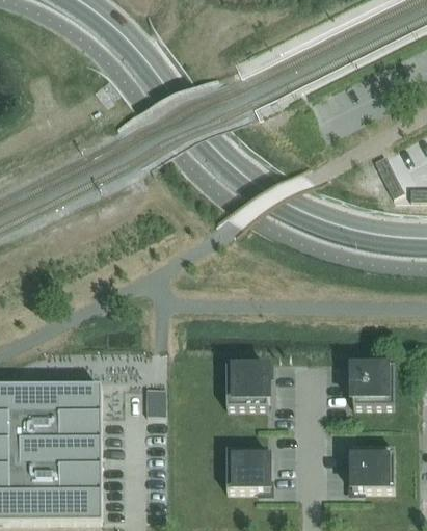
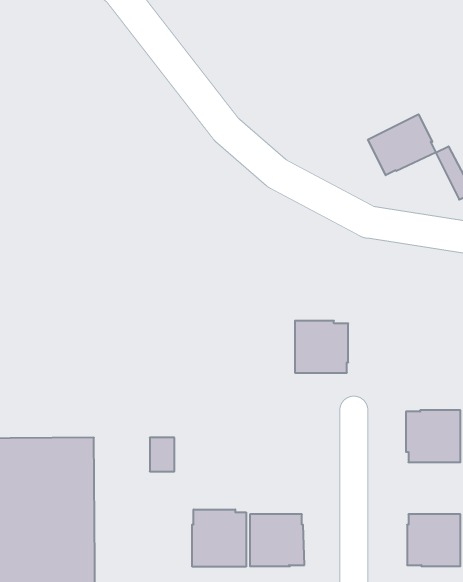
building: none -> [368,114,436,175]
building: [225,362,268,403] -> [295,321,348,373]
building: none -> [192,509,246,567]

